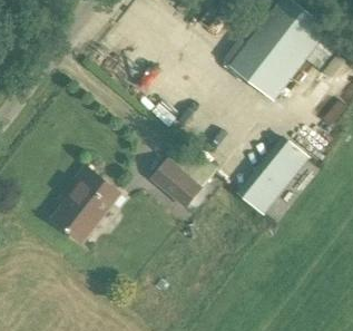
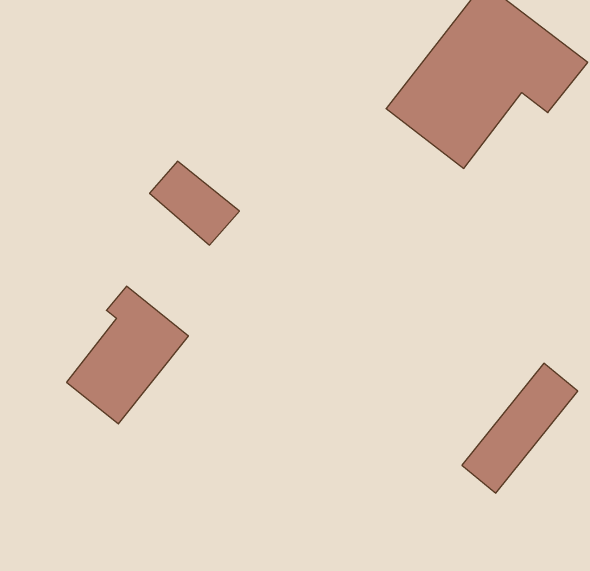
building: [242,140,306,213] -> [462,363,578,493]
building: [150,159,200,206] -> [150,161,239,245]

